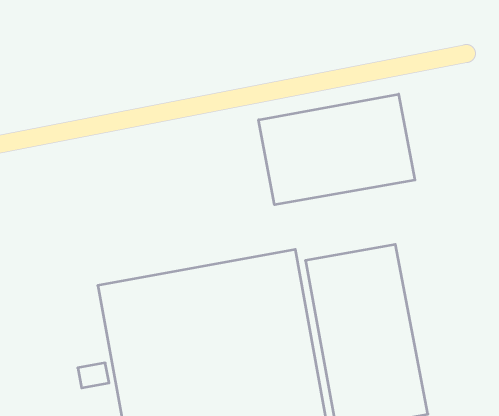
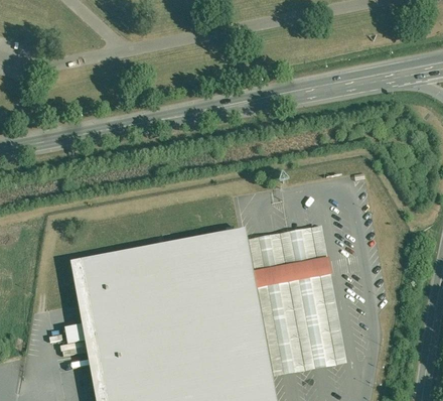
building: [259,94,415,205] -> none

